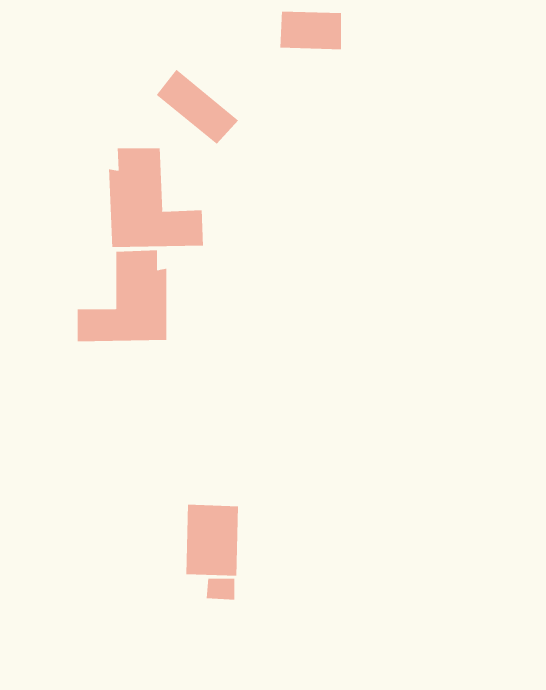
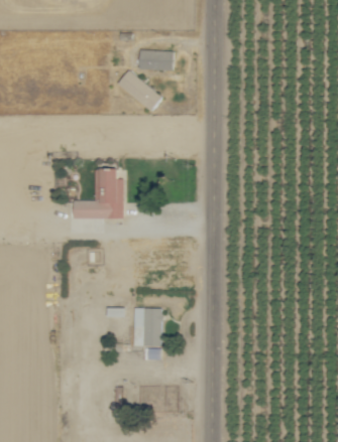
building: [279,11,342,50] -> [139,49,174,70]
building: [109,148,203,248] -> none

